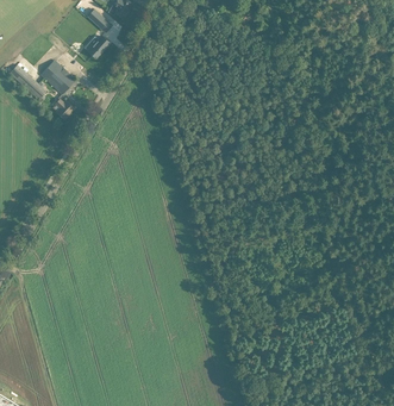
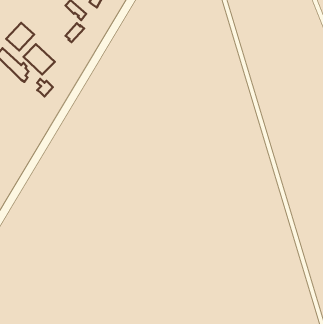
building: none -> [6,23,34,51]

